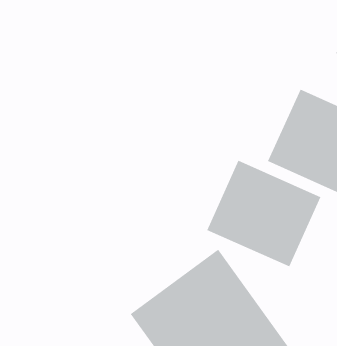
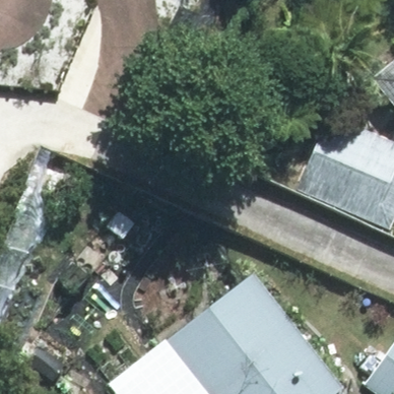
building: [206,160,321,267] -> none

